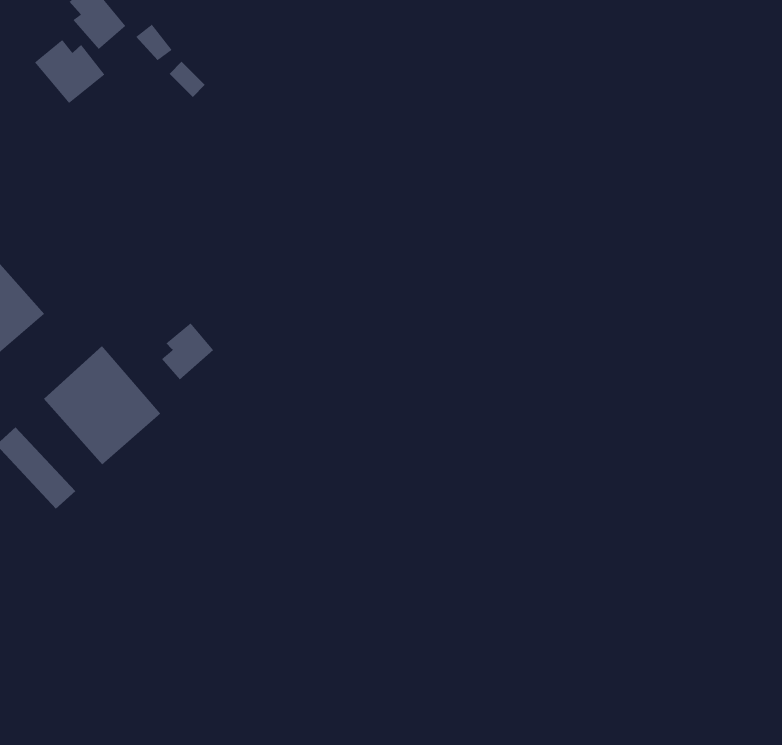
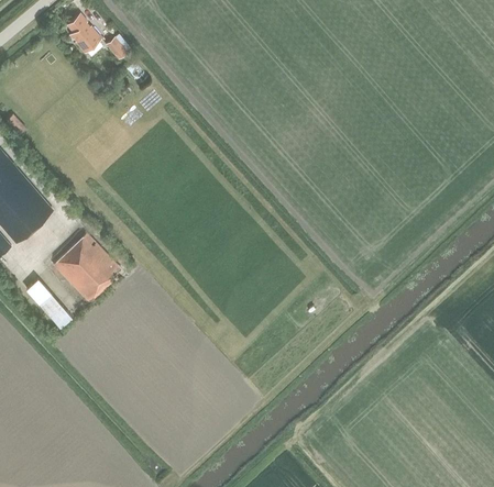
building: [34,39,105,104] -> none
building: [161,323,214,380] -> none

